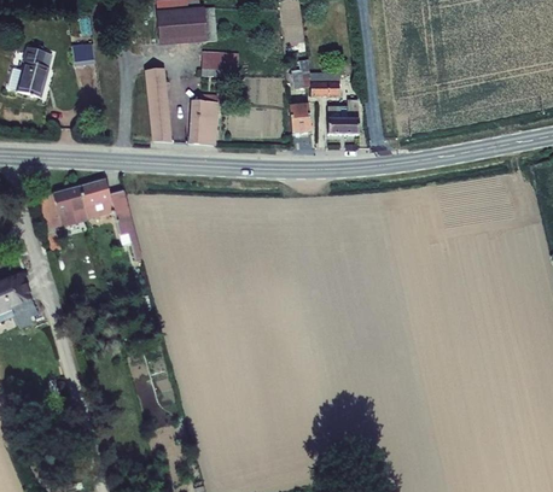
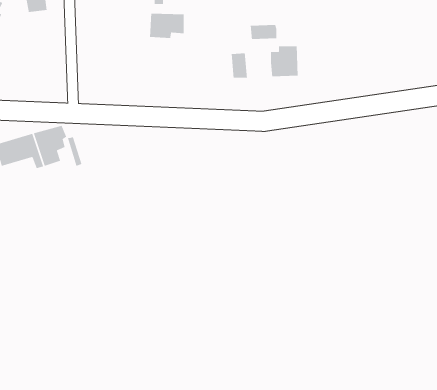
building: [144,64,173,141] -> none
building: [192,96,216,144] -> none

